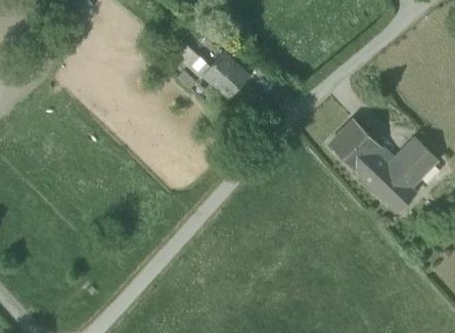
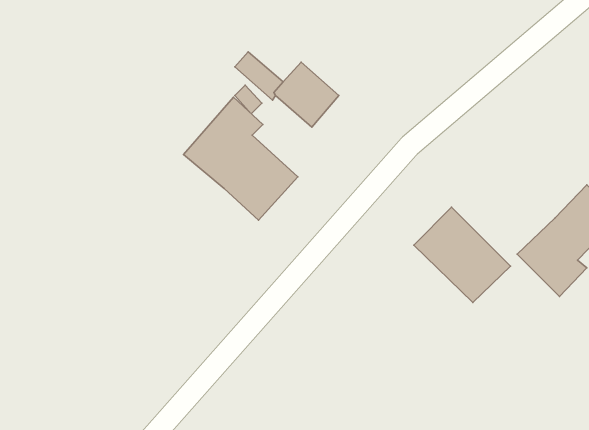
building: none -> [183,97,298,220]
building: [327,119,393,183] -> [414,207,511,302]

